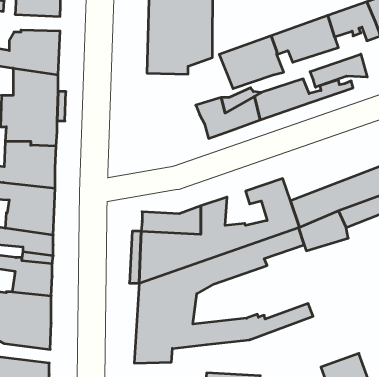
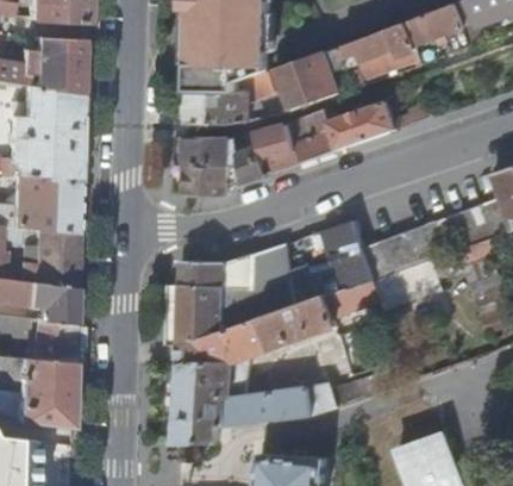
building: [310,54,367,87] -> none
building: none -> [187,69,293,126]
building: none -> [175,136,255,193]

